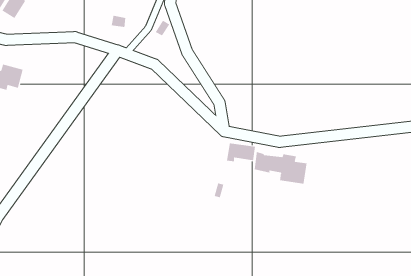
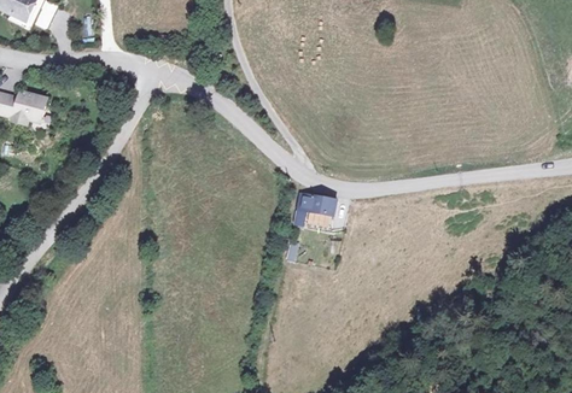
building: [254,151,307,184] -> none

